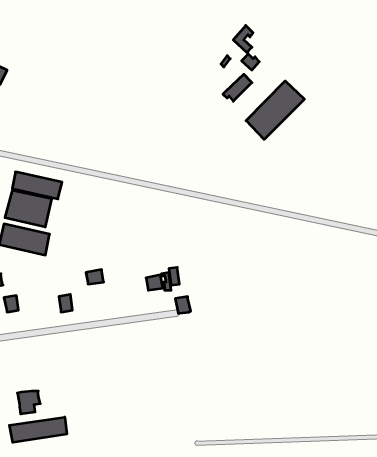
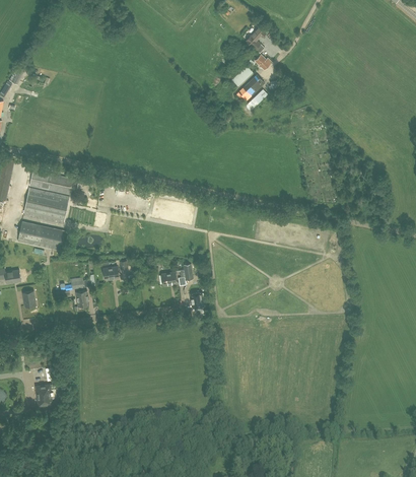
building: [246,81,304,139] -> none
building: [9,417,67,442] -> none

